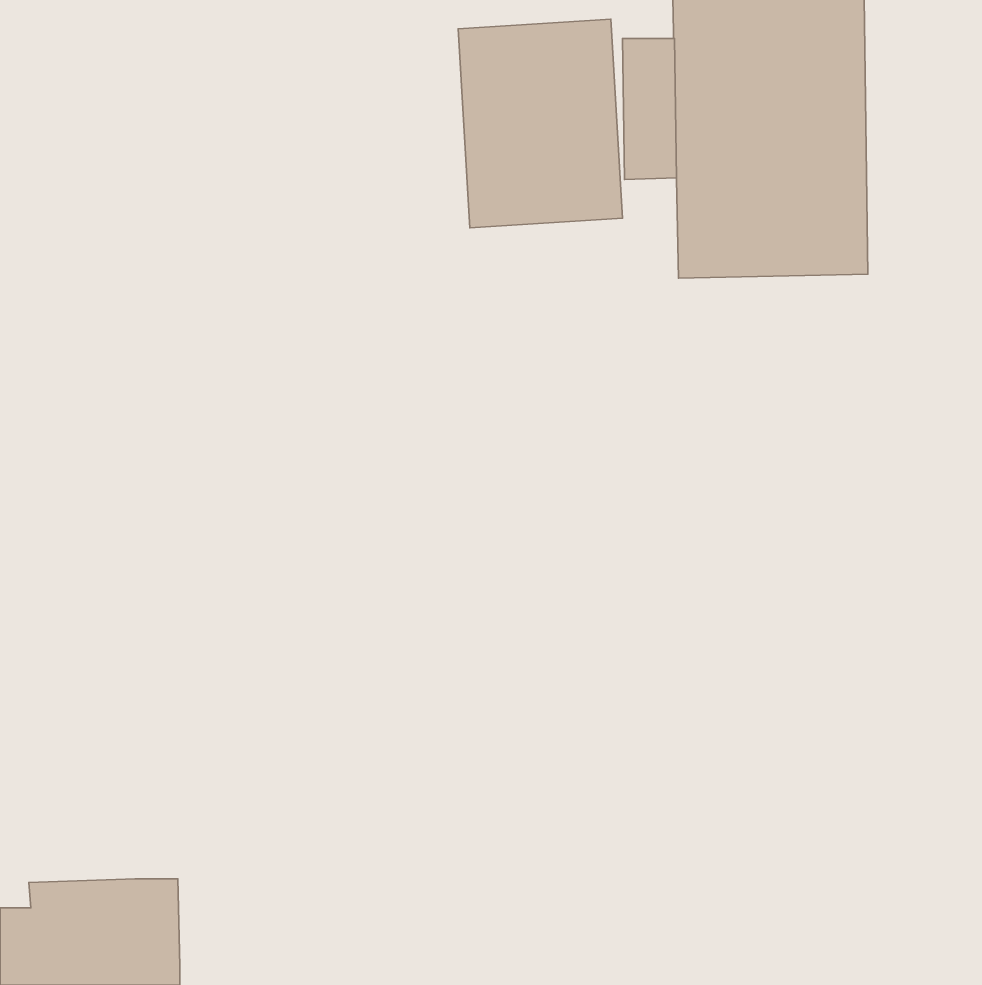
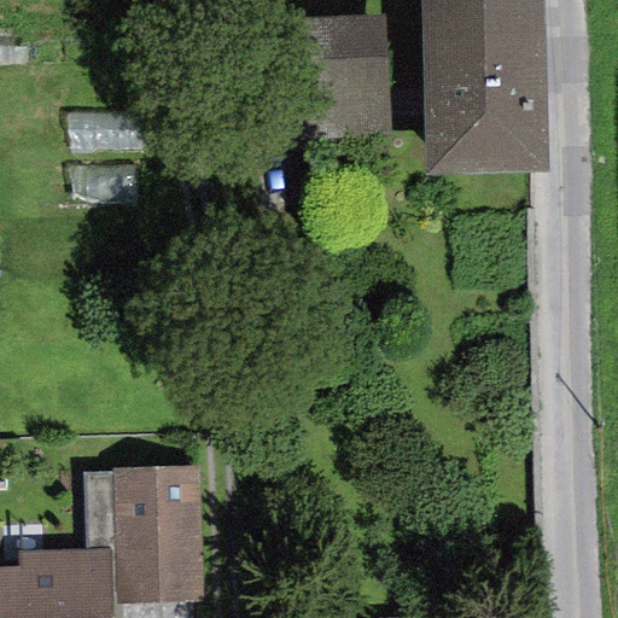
building: none -> [86,467,205,604]

